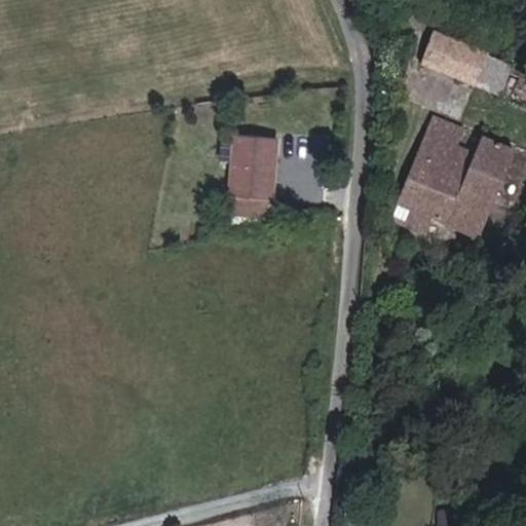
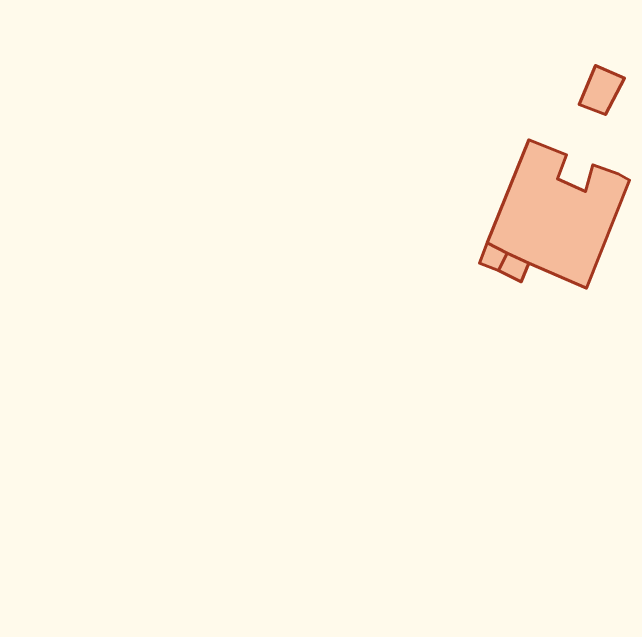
building: [420,33,487,85] -> none
building: [232,141,273,226] -> none

